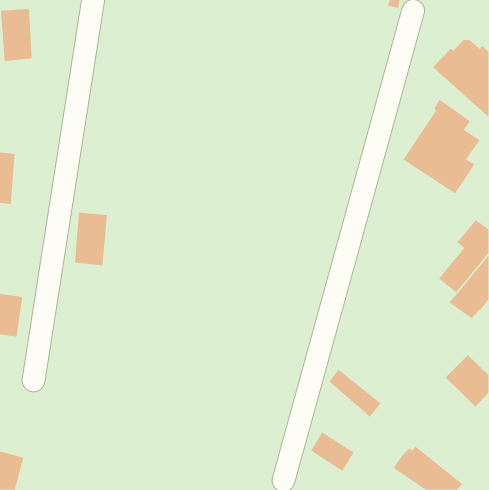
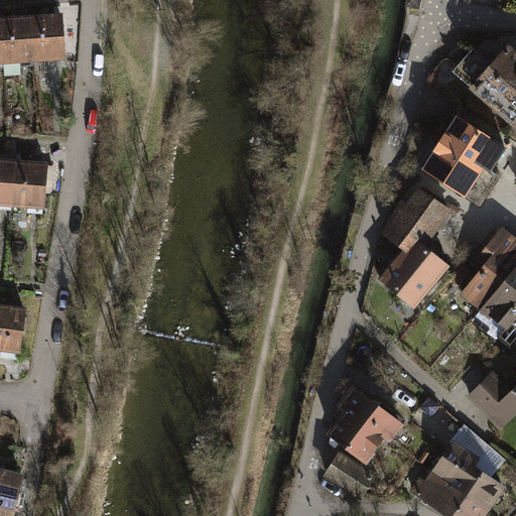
building: none -> [31,7,66,61]
building: none -> [379,189,447,305]
building: [74,212,108,266] -> [12,161,47,218]
building: none -> [332,400,383,459]
building: none -> [435,424,504,508]

